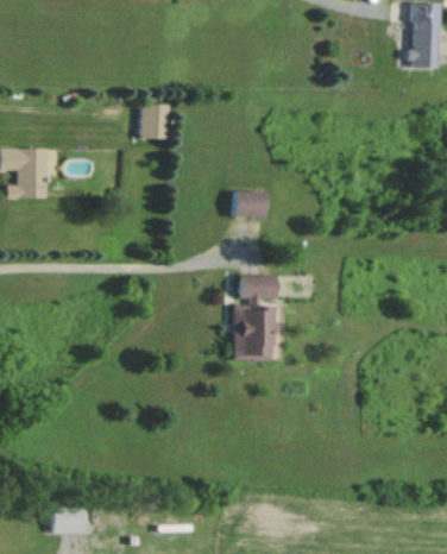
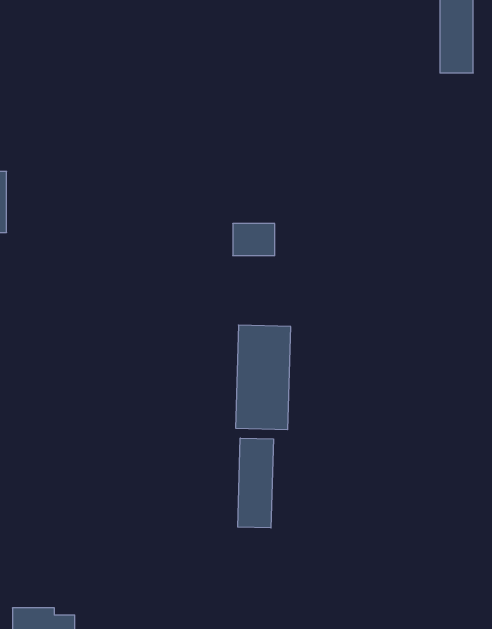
building: [138,103,164,140] -> none
building: none -> [238,438,273,528]

